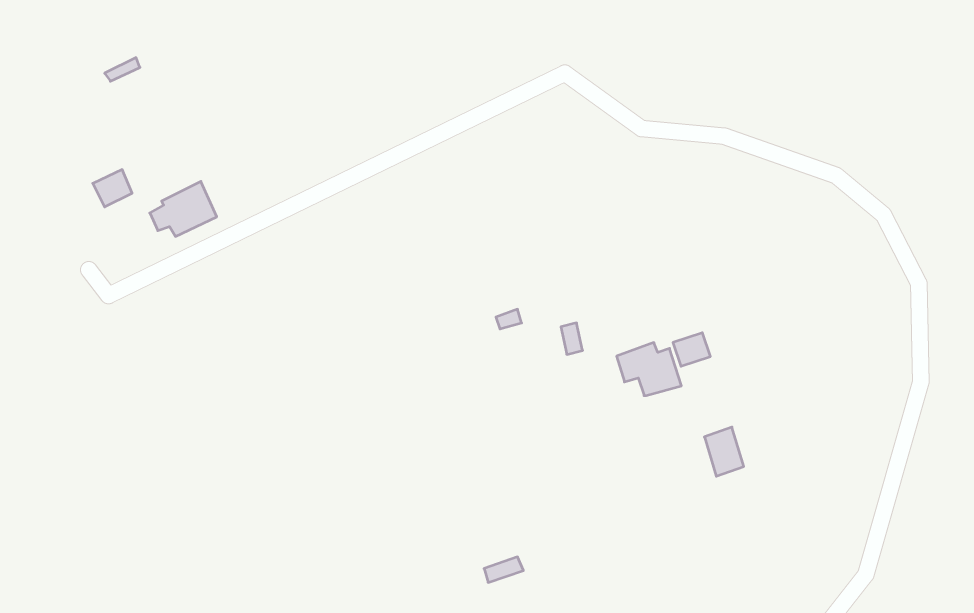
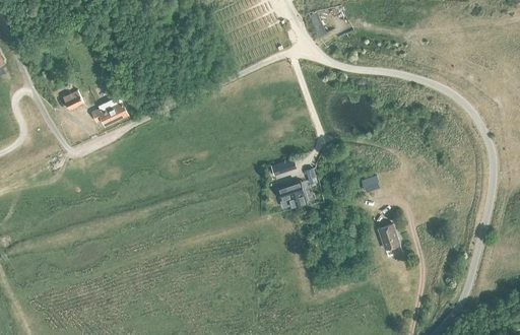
building: [617,343,681,396] -> [274,179,308,206]

